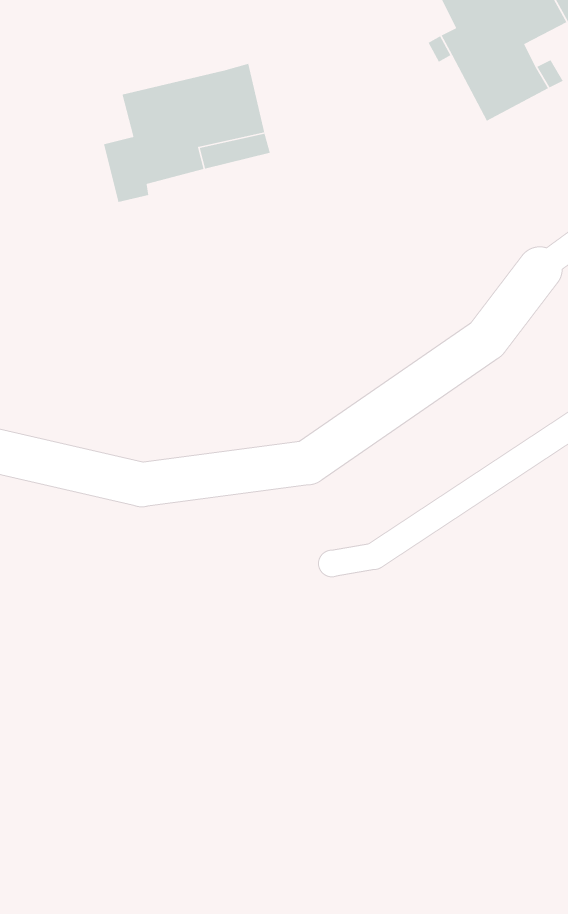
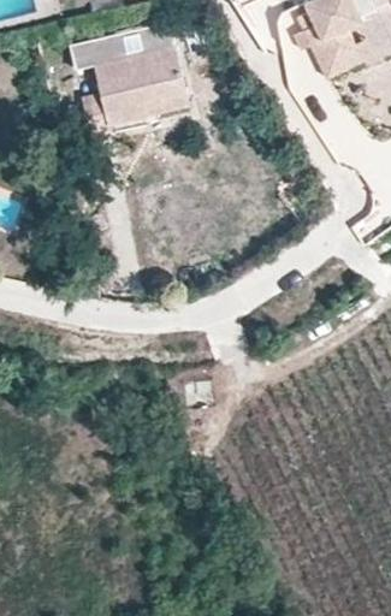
building: none -> [70,24,159,70]

